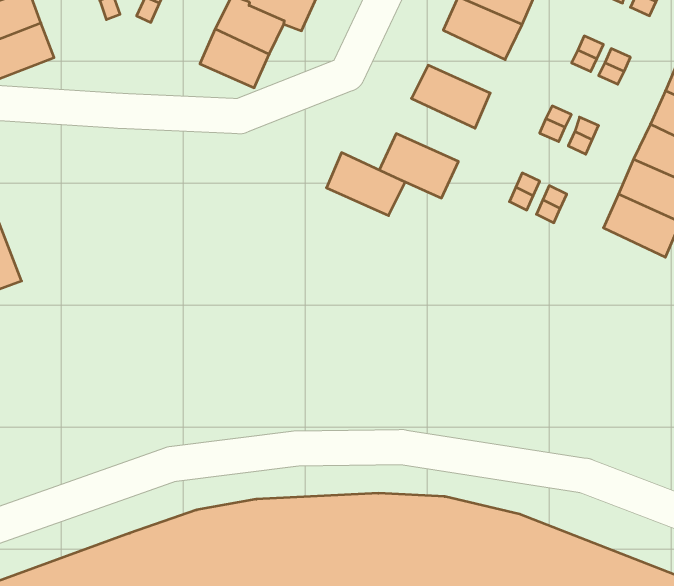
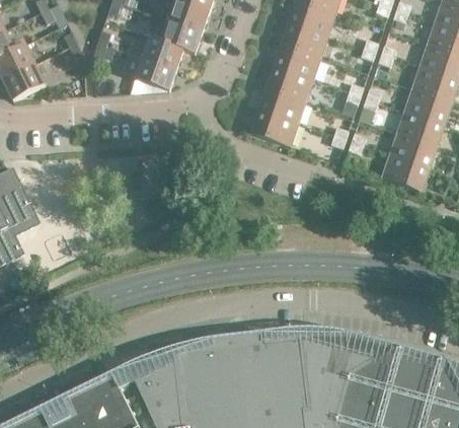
building: none -> [273,45,319,80]
building: [326,153,405,216] -> [257,88,305,124]
building: none -> [381,155,429,192]

